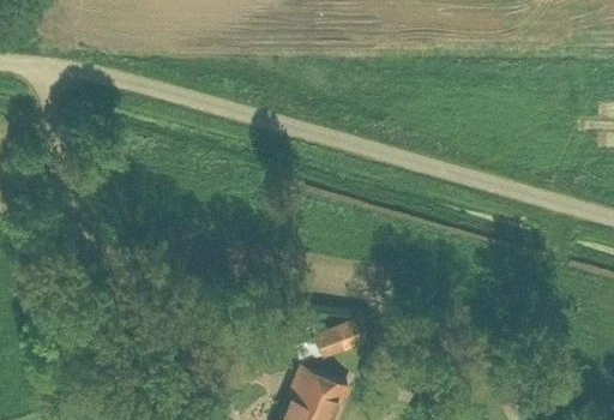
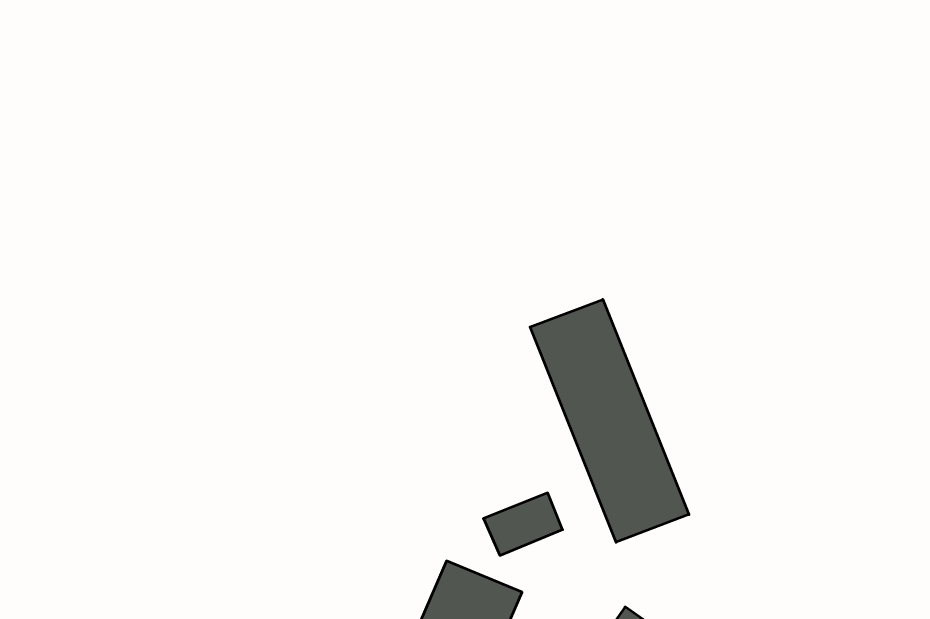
building: none -> [530,299,689,542]

